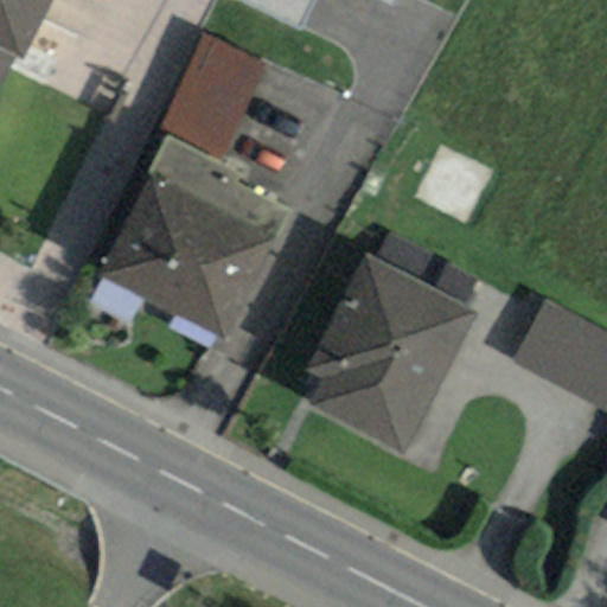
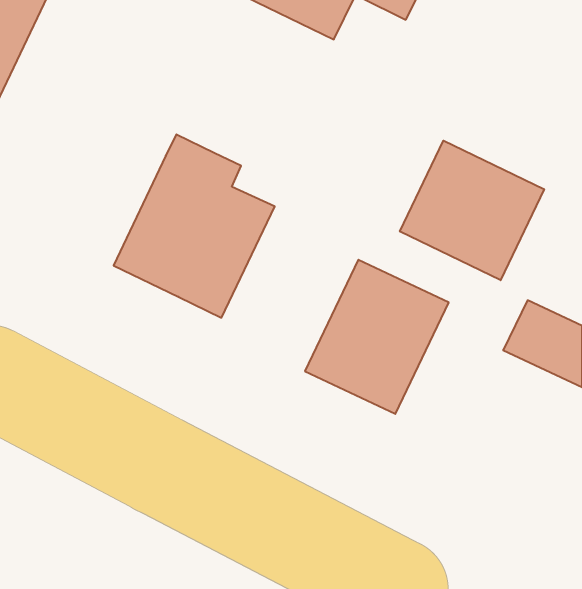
building: [156,32,264,156] -> none
building: none -> [400,141,544,280]

